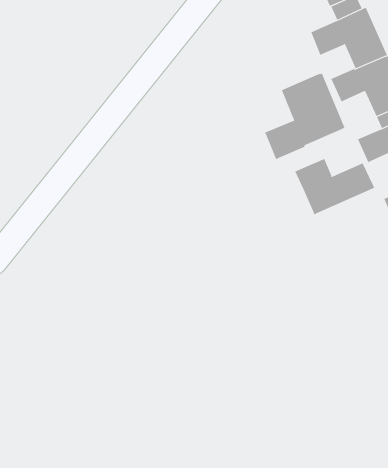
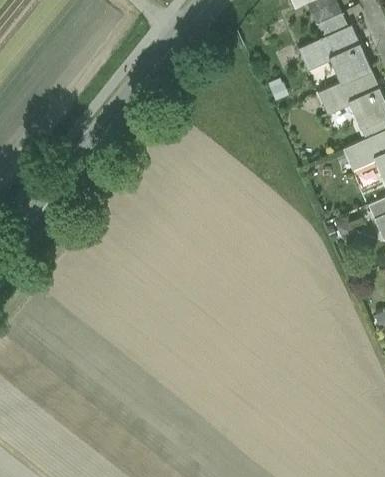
building: [264,73,345,160] -> none
building: [294,158,375,215] -> none

